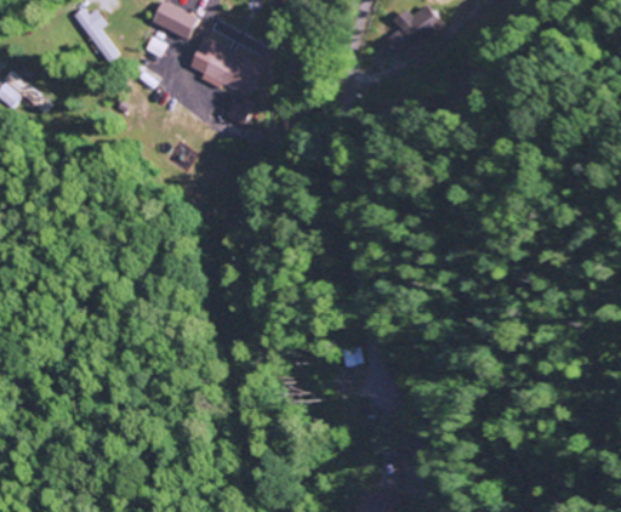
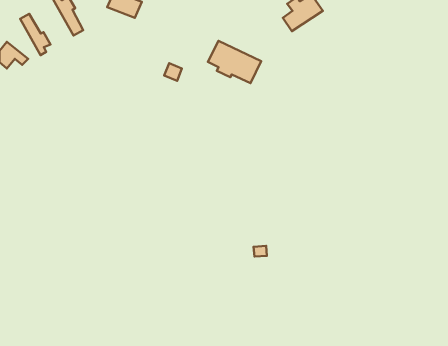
building: none -> [20,14,50,55]
building: [188,36,261,95] -> [208,41,261,83]

